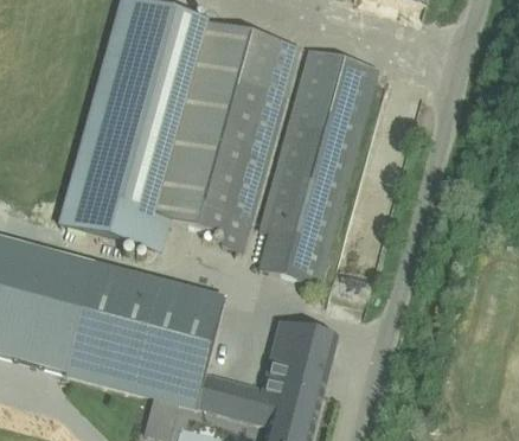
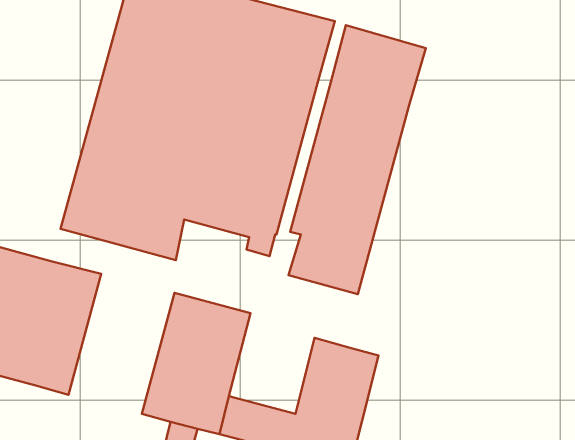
building: [66,263,159,385] -> none

